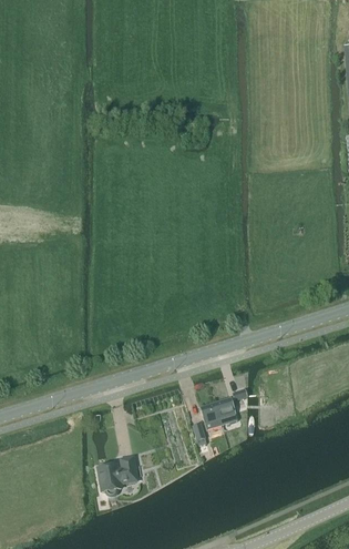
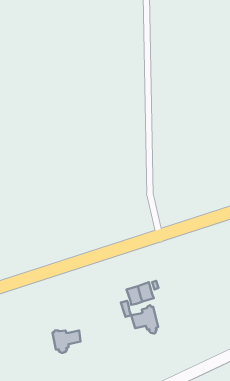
building: none -> [131,305,158,333]

